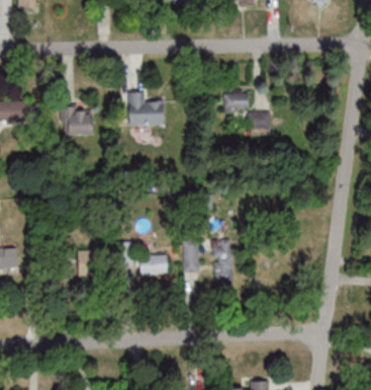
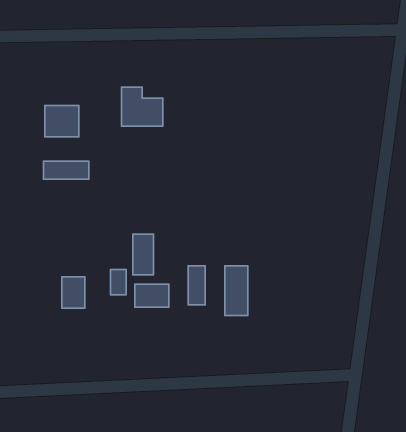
building: [224,90,270,128] -> none
building: none -> [43,161,89,179]
building: none -> [133,234,153,275]

